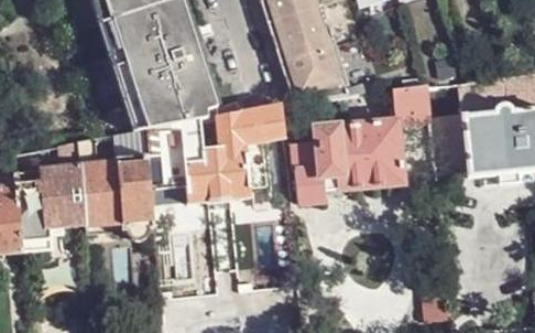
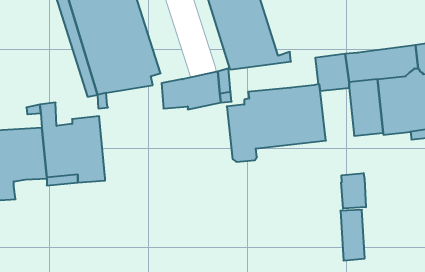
building: [154,140,253,203] -> none
building: none -> [341,173,366,209]

